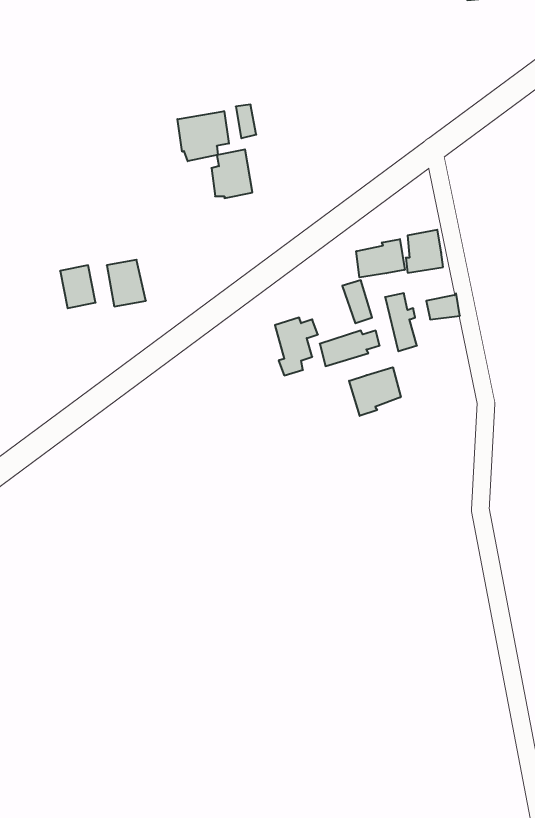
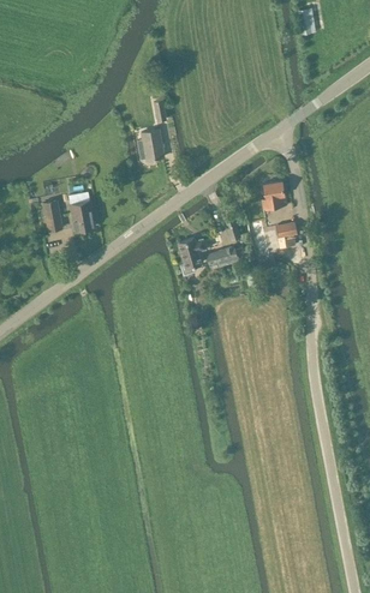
building: [177,111,229,161] -> none
building: [356,239,405,277] -> none
building: [349,367,401,416] -> none

